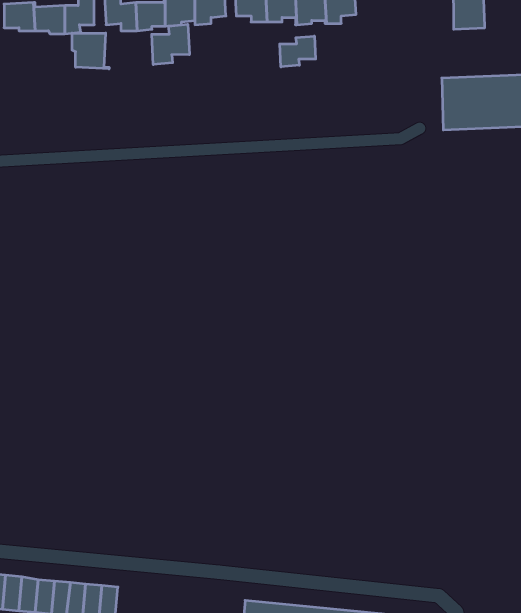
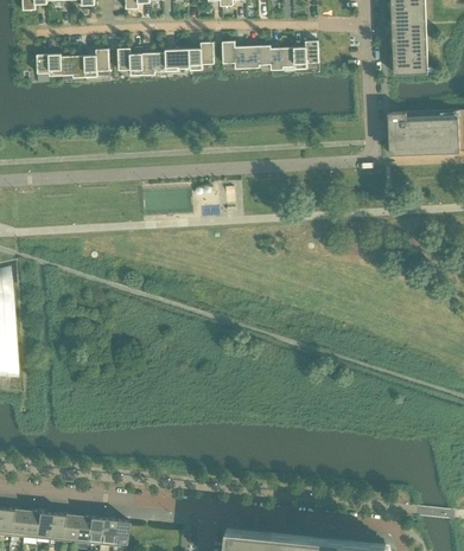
building: [152,24,189,65] -> none
building: [72,33,109,69] -> none
building: [280,36,316,67] -> none

